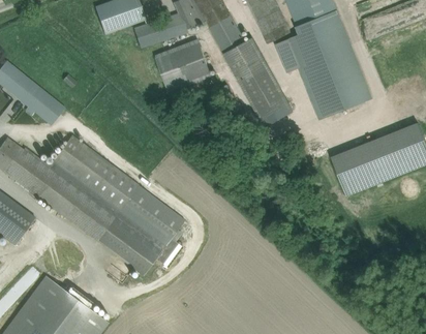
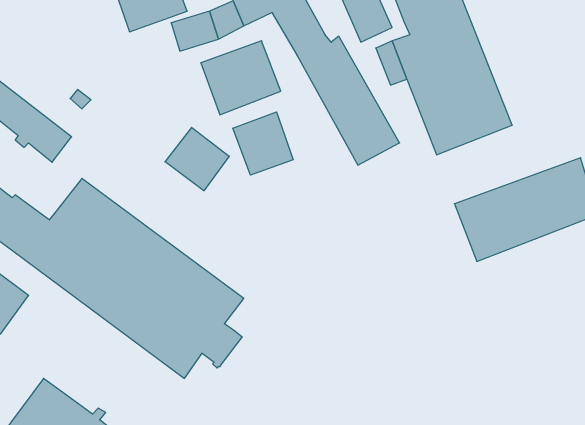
building: none -> [233,112,293,175]
building: none -> [165,127,229,191]

